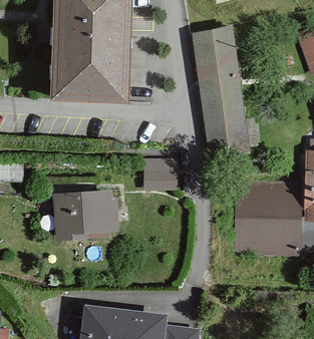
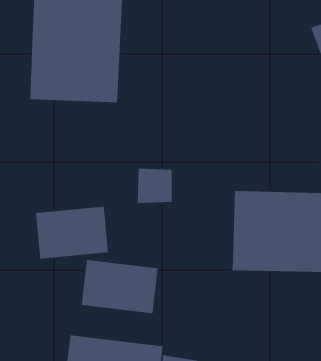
building: [190,24,250,156] -> none
building: none -> [81,259,159,314]

